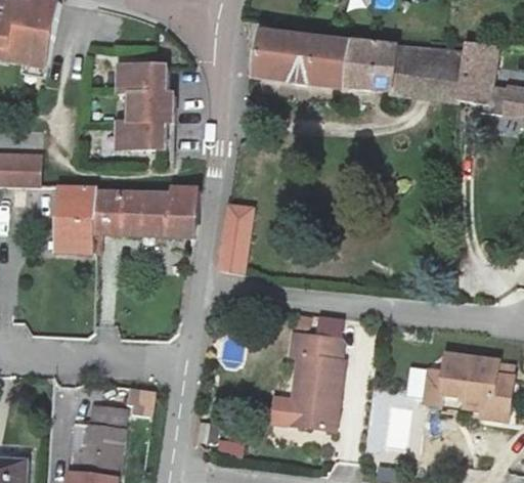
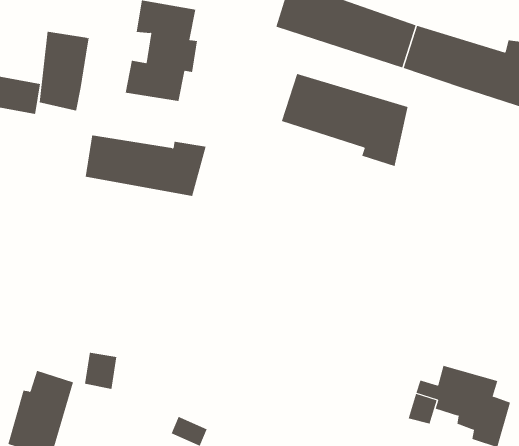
building: none -> [281,73,408,167]
building: [61,186,100,253] -> [39,31,90,111]
building: [224,201,258,269] -> none
building: [282,326,335,425] -> none

